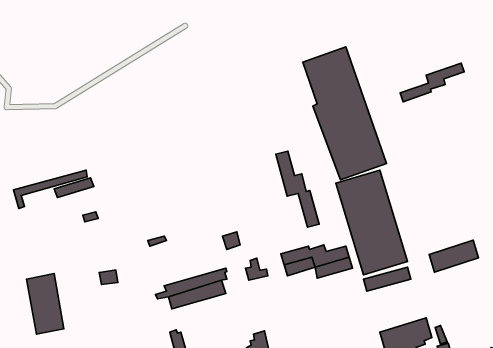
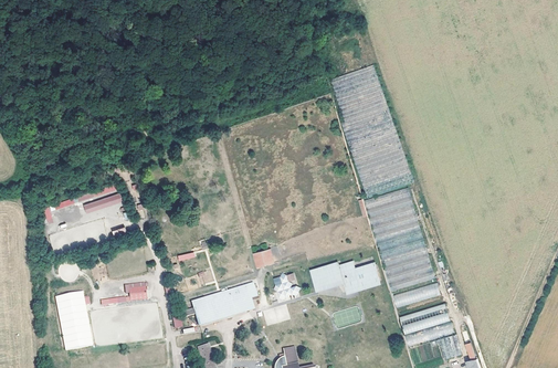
building: [400,63,464,102] -> none
building: [276,151,319,227] -> none
building: [429,240,479,272] -> [401,303,451,335]

